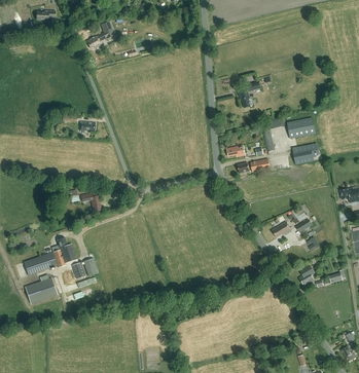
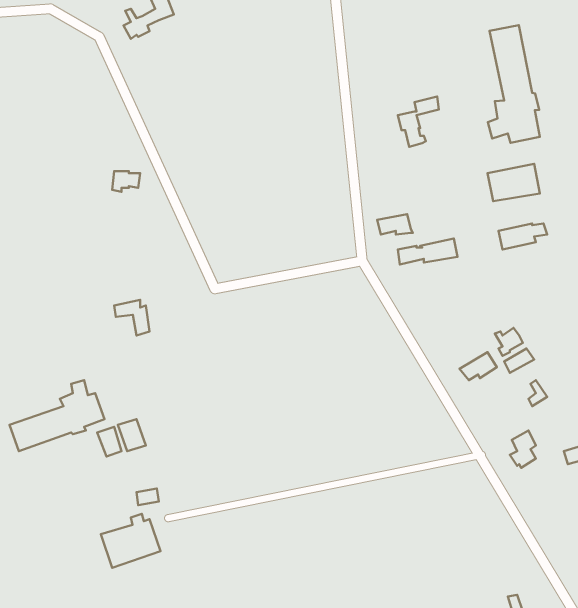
building: none -> [488,25,540,143]
building: [25,274,58,304] -> [101,514,161,568]

